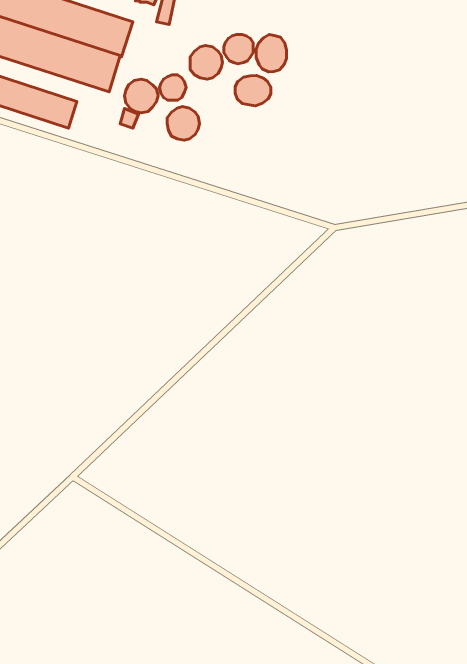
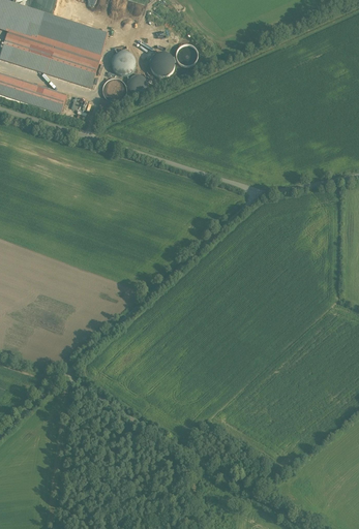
building: [256,34,287,72] -> none
building: [235,76,271,106] -> none
building: [167,107,199,140] -> [111,50,134,74]

